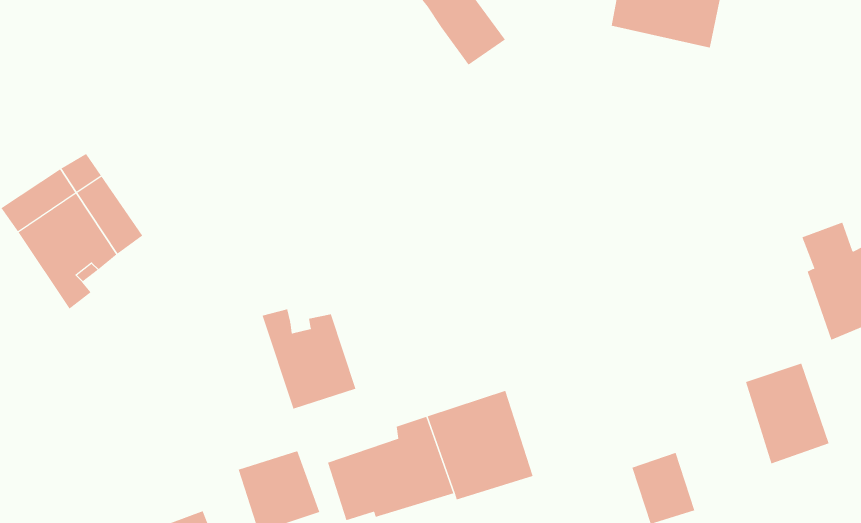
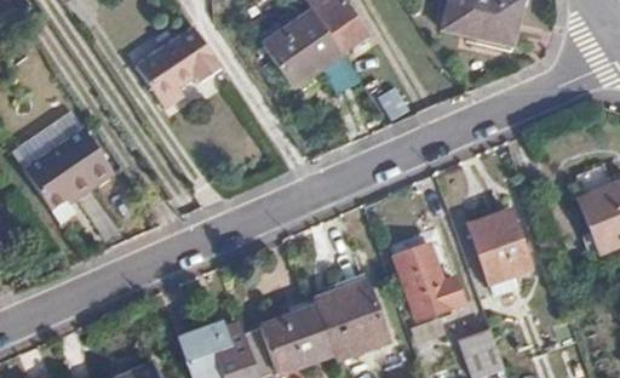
building: none -> [263,12,341,87]
building: none -> [134,28,222,107]
building: [262,309,356,410] -> none
building: none -> [395,242,461,315]
building: [745,363,829,464] -> [470,213,529,285]

